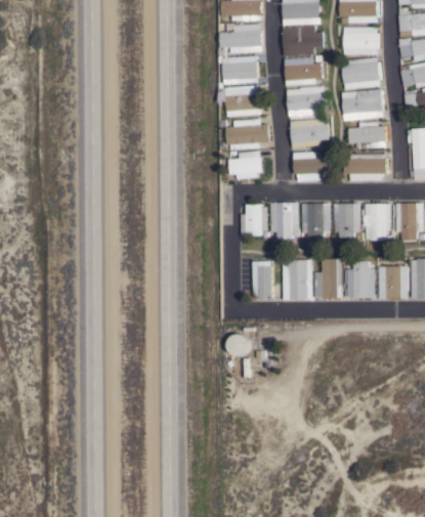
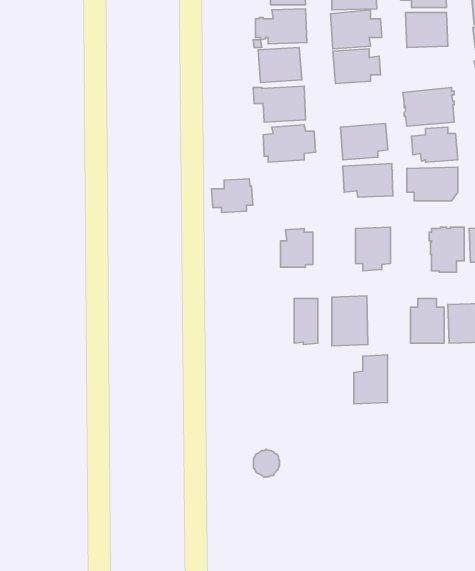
building: [343,56,381,89] -> none
building: [287,87,327,116] -> none
building: [229,150,263,178] -> [212,179,253,213]
building: [271,202,300,239] -> none
building: [335,203,362,238] -> none
building: [315,258,343,298] -> [354,355,388,404]
building: [229,334,251,356] -> [253,449,280,477]

